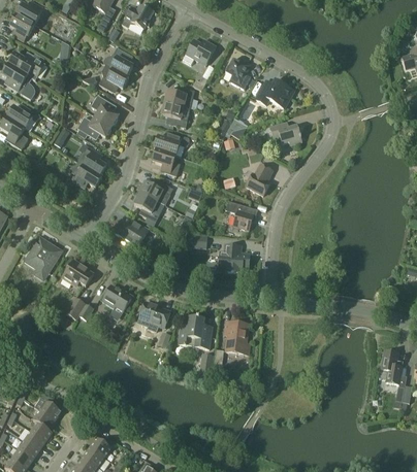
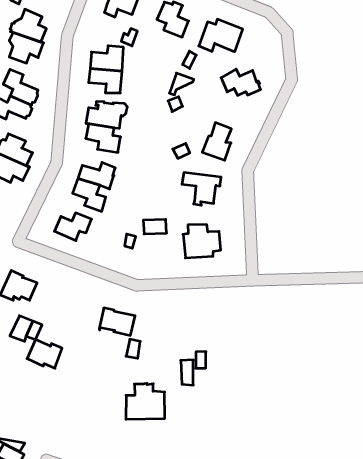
building: [102,284,132,310] -> [27,340,62,368]
building: [178,315,213,347] -> [126,383,165,419]
building: [224,319,250,353] -> none

